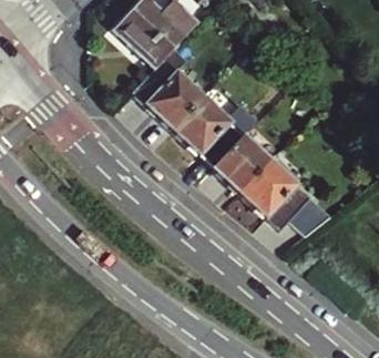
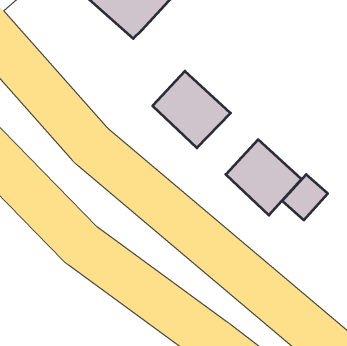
building: [133,60,203,130] -> none
building: [214,136,270,193] -> none

